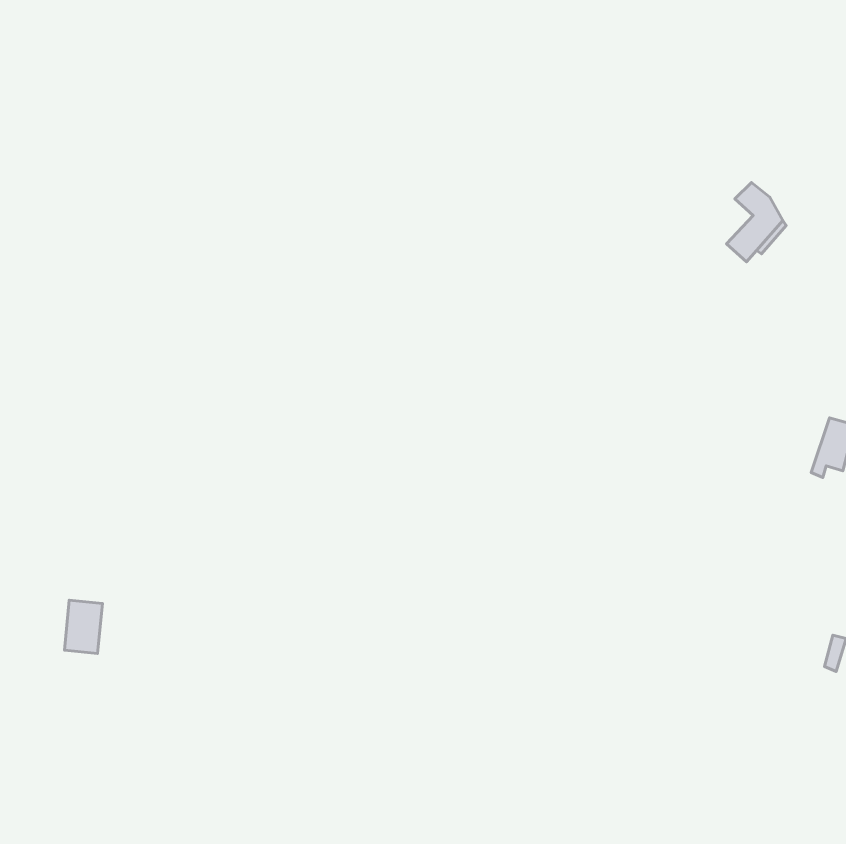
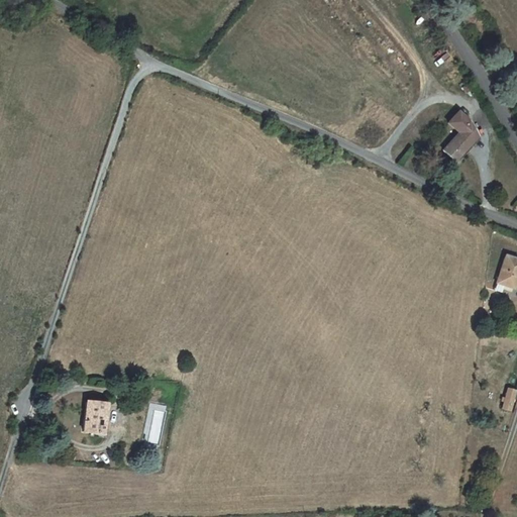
building: [64,600,102,653] -> [84,400,107,432]

